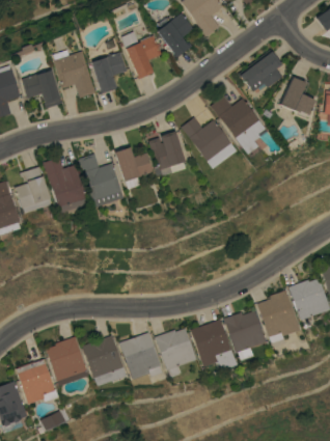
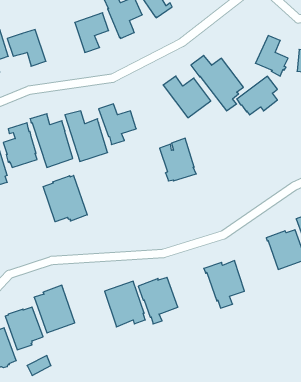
building: [51,49,95,97] -> none
building: [239,50,281,90] -> [237,76,277,115]
building: [149,131,188,175] -> [160,138,196,181]
building: none -> [43,175,87,222]
building: [259,290,302,343] -> none
building: [193,319,239,370] -> none
building: [85,335,129,386] -> none

